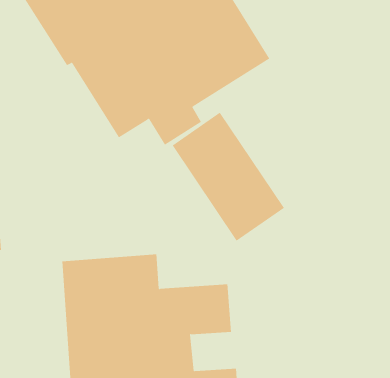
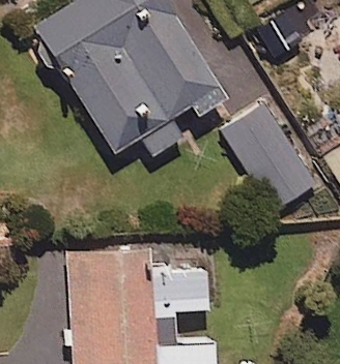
building: [172,112,285,241] -> [221,104,315,212]

